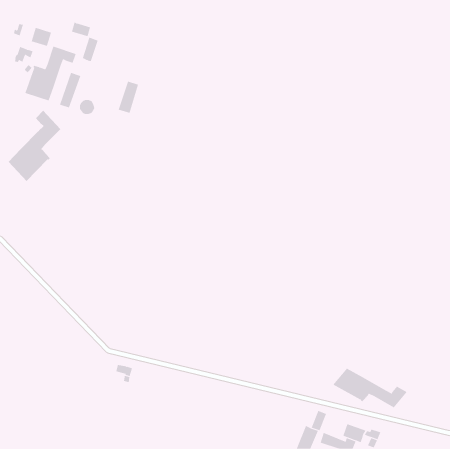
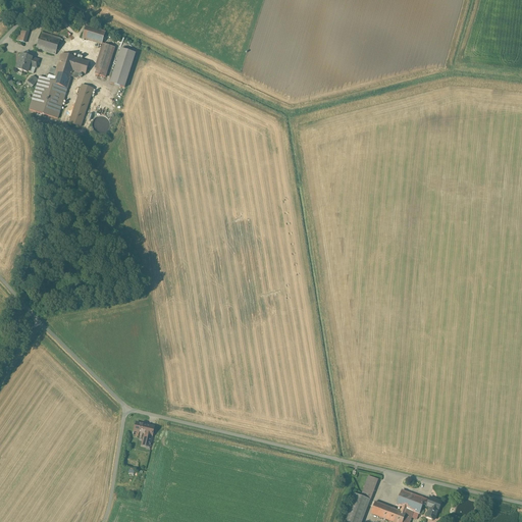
building: [118,81,139,113] -> [110,49,135,87]
building: [8,110,61,182] -> none
building: [332,368,407,408] -> none

